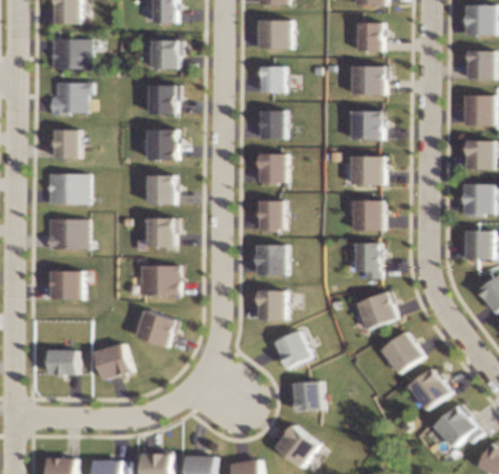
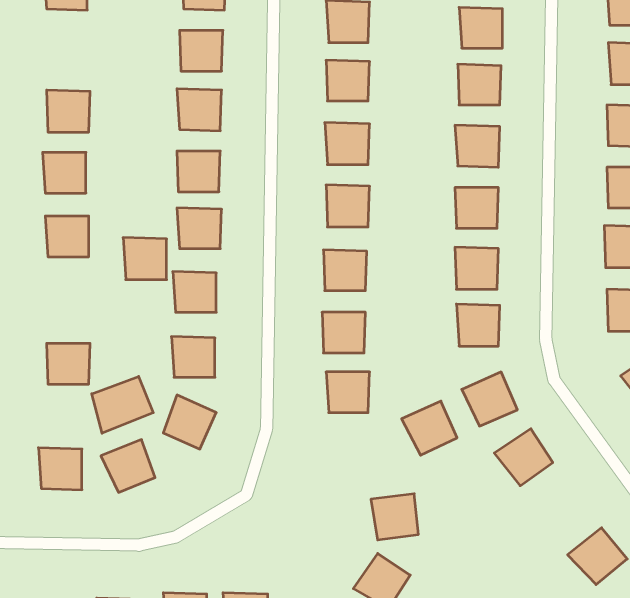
building: [50,38,82,68] -> none
building: [49,218,81,249] -> [123,238,167,280]
building: none -> [92,376,153,433]
building: [271,330,312,370] -> [402,401,457,455]
building: [409,367,452,410] -> none

